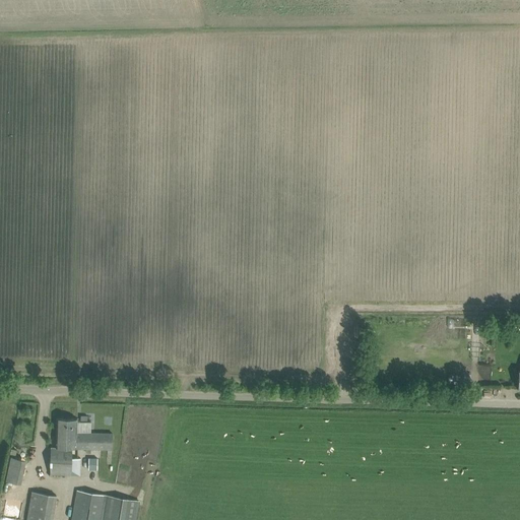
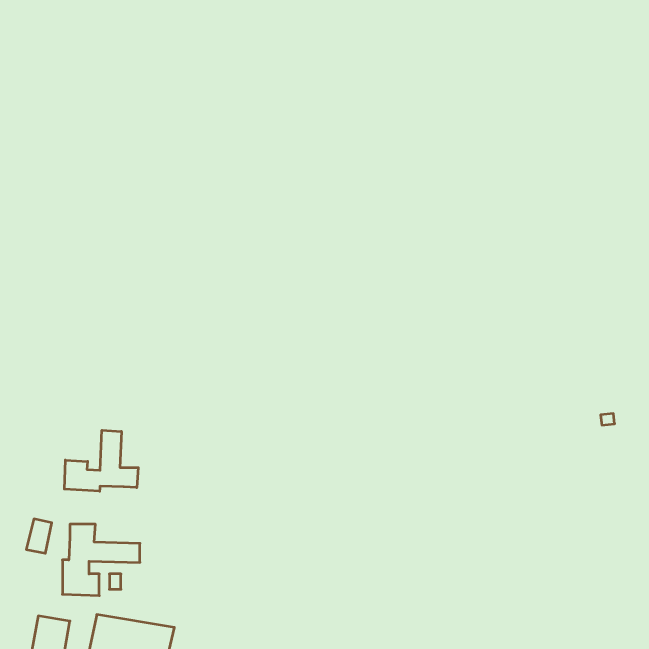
building: none -> [64,430,138,491]
building: [5,457,25,484] -> [26,519,52,553]

